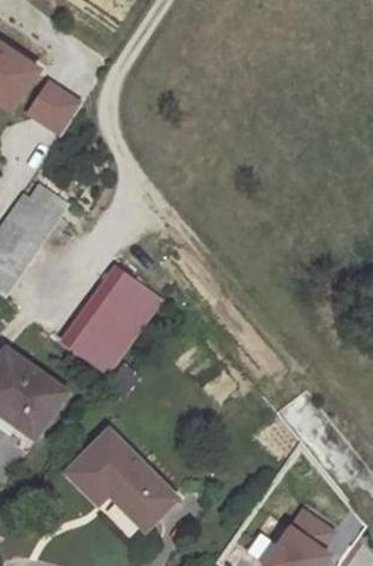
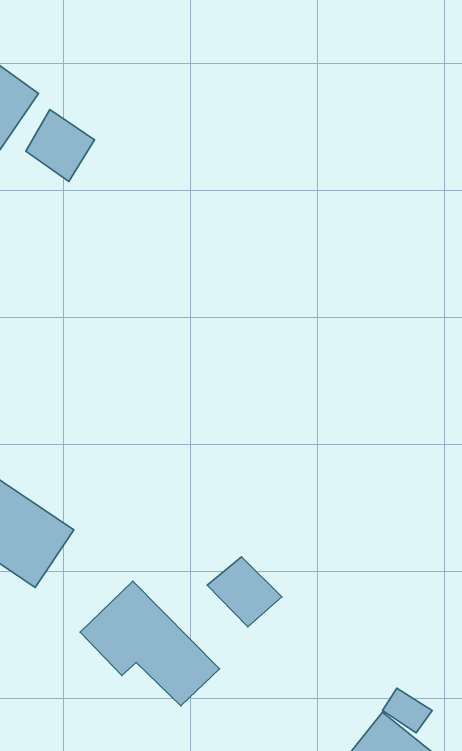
building: [59,261,166,375] -> none
building: none -> [207,557,282,627]

